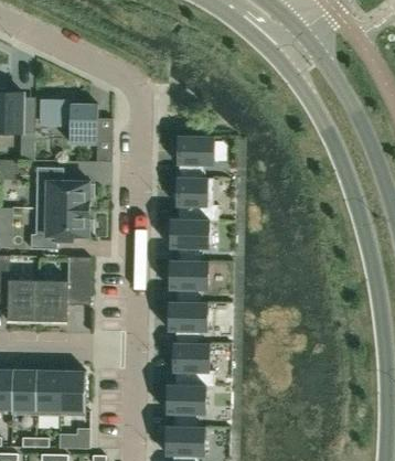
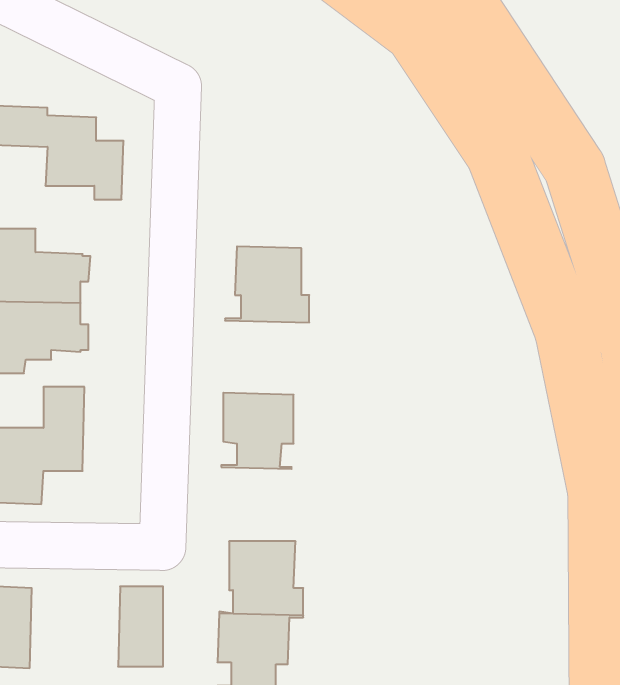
building: [177,136,214,179] -> none
building: [169,219,217,261] -> none
building: [168,302,210,344] -> none
building: [60,371,85,416] -> [118,586,163,667]

